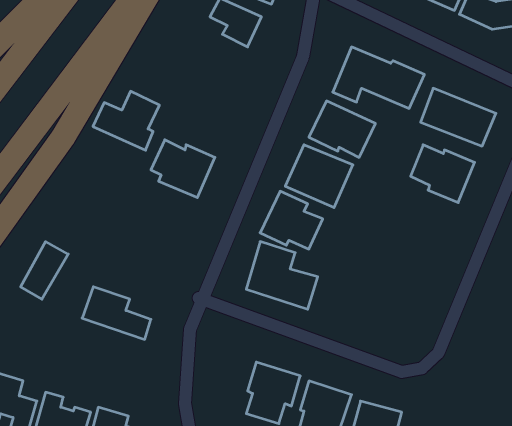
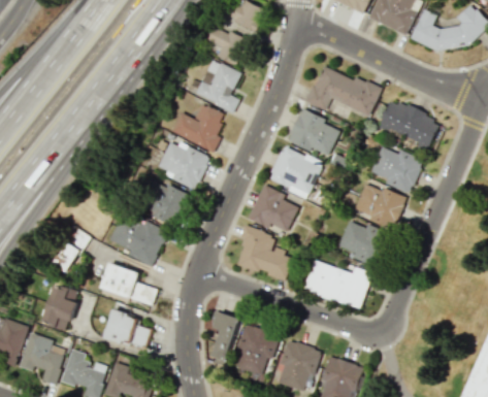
building: none -> [195,59,240,110]
building: [93,91,159,150] -> [170,103,225,152]
building: none -> [354,181,405,229]
building: none -> [147,184,187,225]
building: none -> [108,212,167,266]
building: none -> [338,221,387,266]
building: none -> [303,260,372,307]
building: none -> [41,286,79,329]
building: none -> [104,309,151,350]
building: none -> [213,311,237,365]

